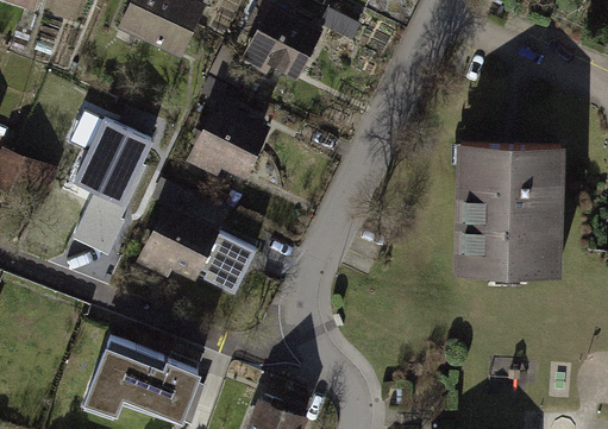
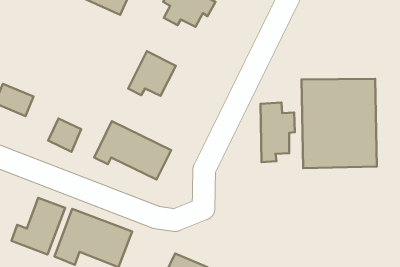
building: [73,116,150,202] -> none
building: none -> [261,103,295,162]
building: none -> [11,198,65,255]

